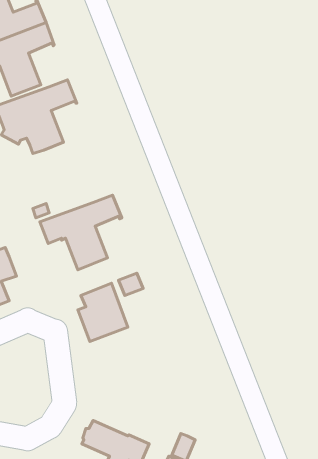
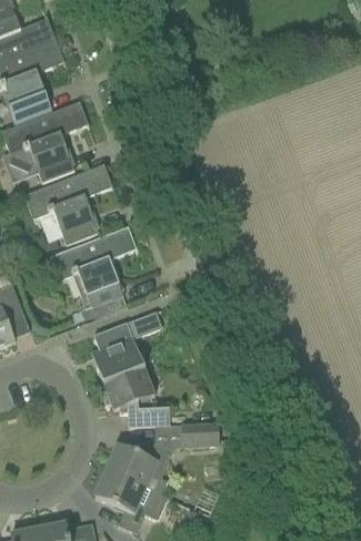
building: none -> [24,164,113,245]
building: none -> [103,370,170,428]
building: none -> [181,423,219,447]
building: none -> [107,442,173,488]

